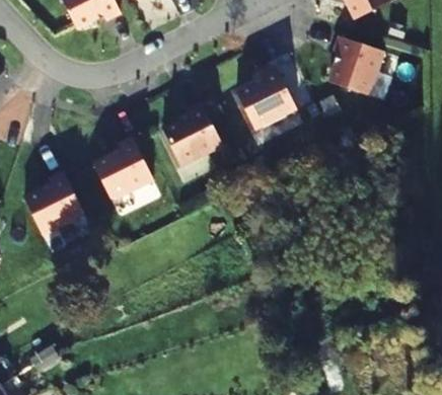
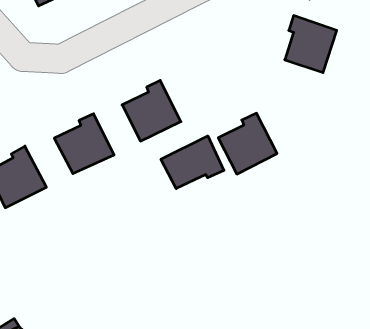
building: [236,68,297,131] -> [218,113,277,174]
building: none -> [161,136,224,189]

